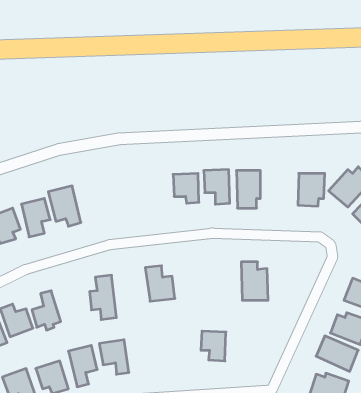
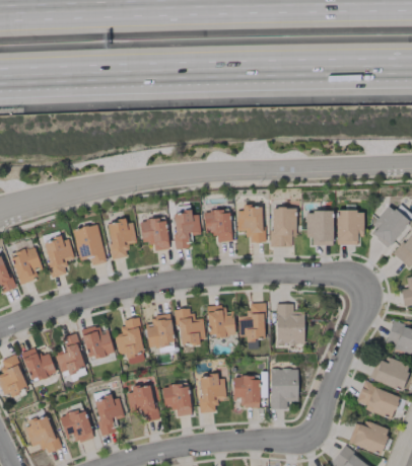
building: none -> [306,212,334,245]
building: none -> [174,213,200,249]
building: none -> [140,218,169,251]
building: none -> [108,220,136,259]
building: none -> [238,303,265,348]
building: none -> [207,306,234,337]
building: none -> [146,314,174,350]
building: none -> [82,326,114,367]
building: none -> [270,369,298,409]
building: none -> [199,376,226,413]
building: none -> [162,385,191,416]

